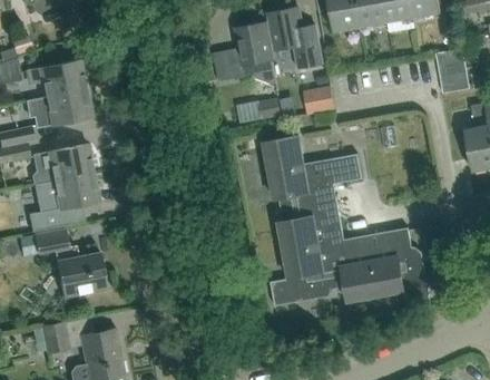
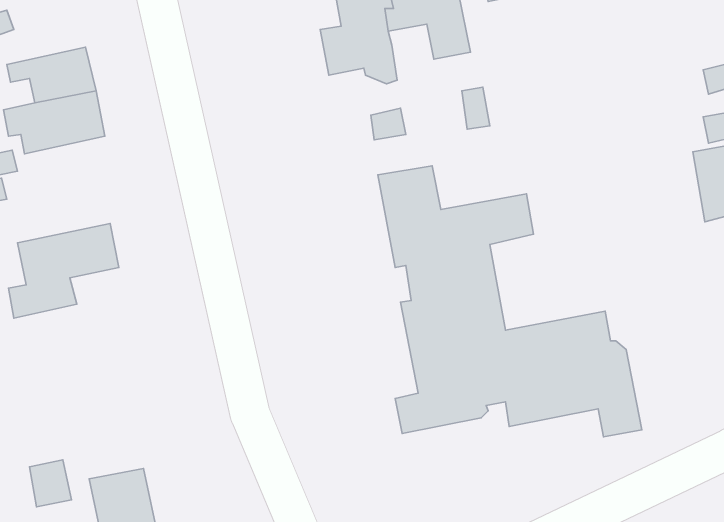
building: [435,49,469,92] -> none
building: [32,144,94,185] -> none
building: [33,230,107,298] -> none

